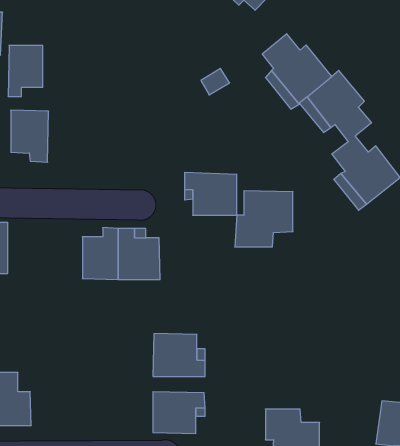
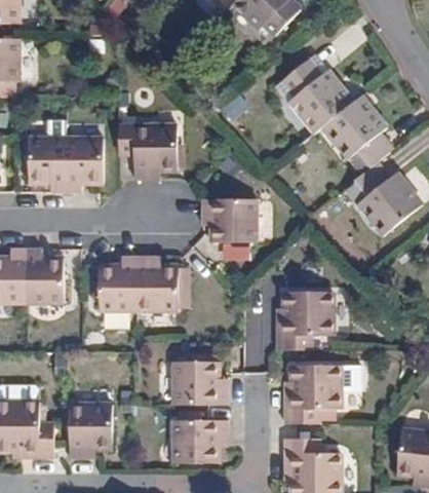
building: [8,45,43,96] -> [66,138,101,189]
building: none -> [132,123,176,177]
building: [235,191,293,247] -> [276,294,335,350]
building: none -> [26,250,62,302]
building: none -> [284,363,340,421]
building: none -> [67,404,109,455]

